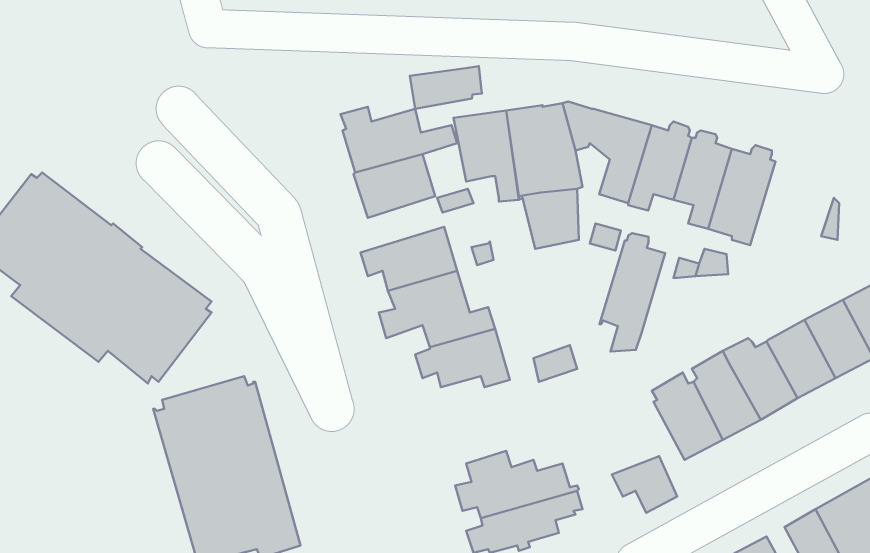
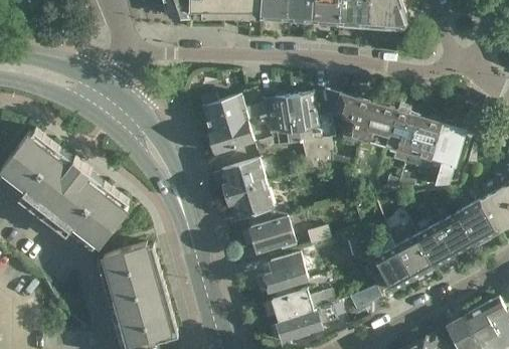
building: [410,66,482,109] -> none
building: [600,233,665,352] -> [427,121,463,186]
building: none -> [254,251,306,292]

